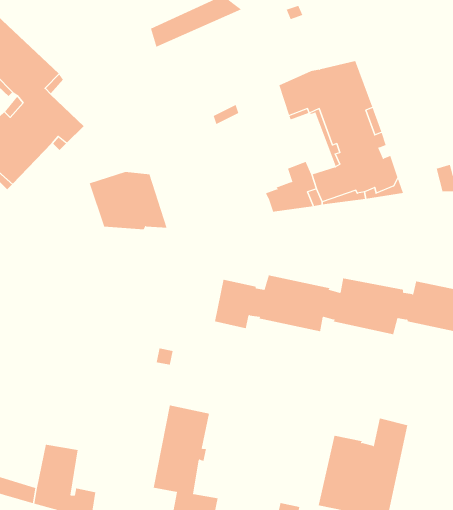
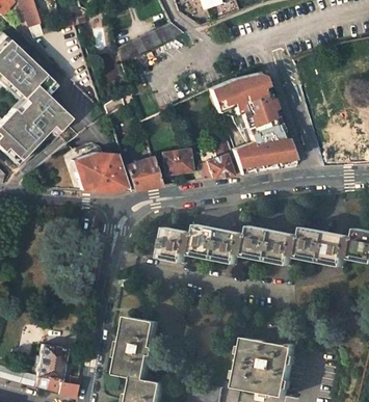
building: none -> [162,150,191,172]
building: none -> [123,155,162,190]

